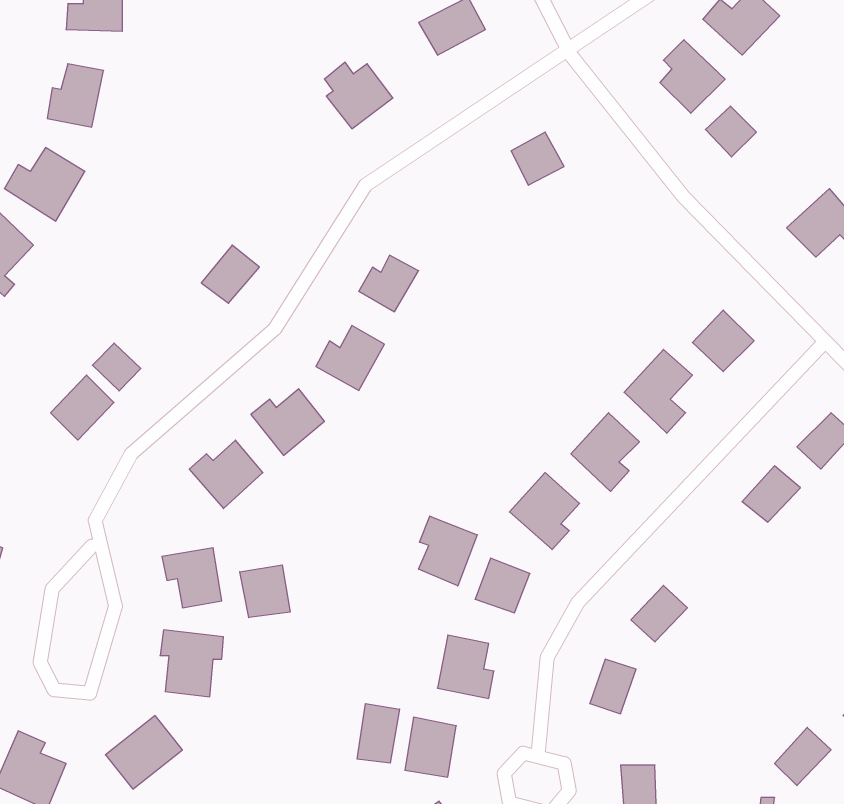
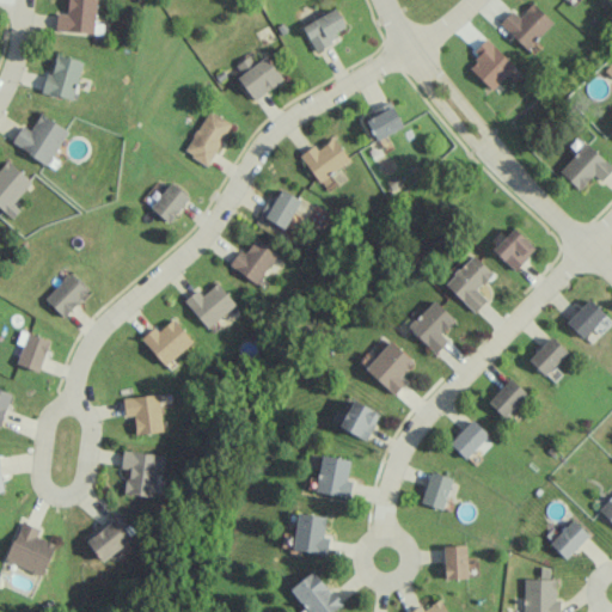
building: [705,106,756,157] -> none
building: none -> [184,111,232,166]
building: none -> [299,139,350,184]
building: [92,343,141,391] -> none
building: none -> [16,331,49,373]
building: [419,516,477,586] -> none
building: none -> [488,379,527,420]
building: [240,565,290,618] -> none
building: [357,704,400,763] -> none

